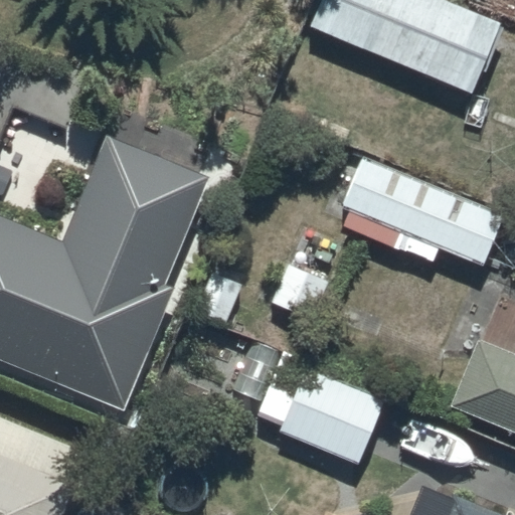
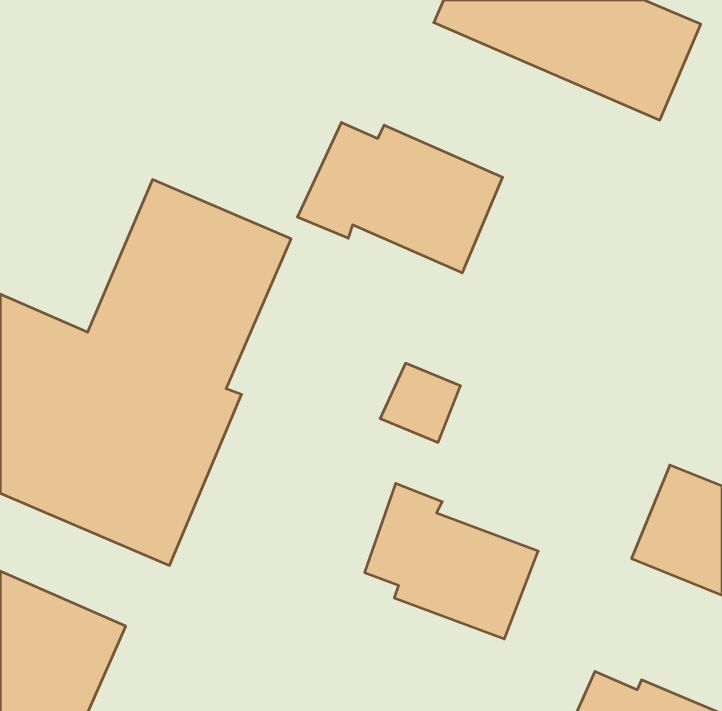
building: none -> [297,122,503,273]
building: [342,157,504,268] -> none

